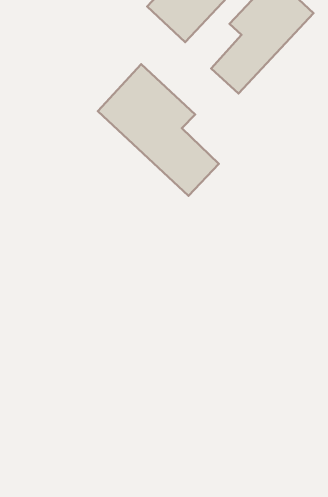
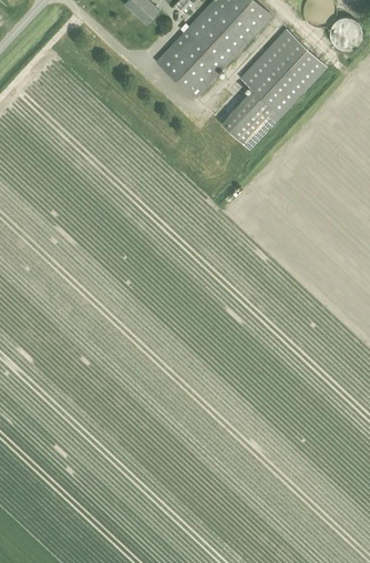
building: [98,64,219,196] -> none

